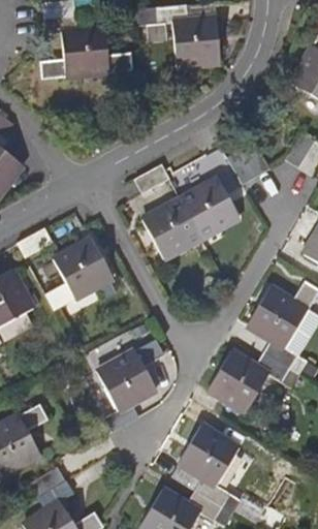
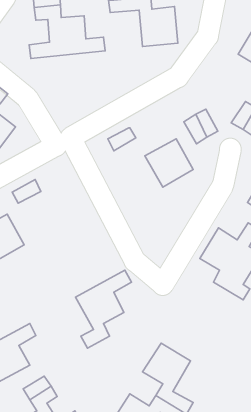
building: [140,199,201,259] -> none
building: [44,239,113,310] -> none
building: [208,350,299,411] -> none

